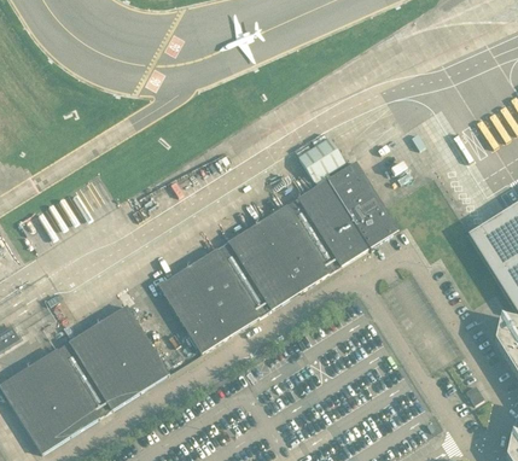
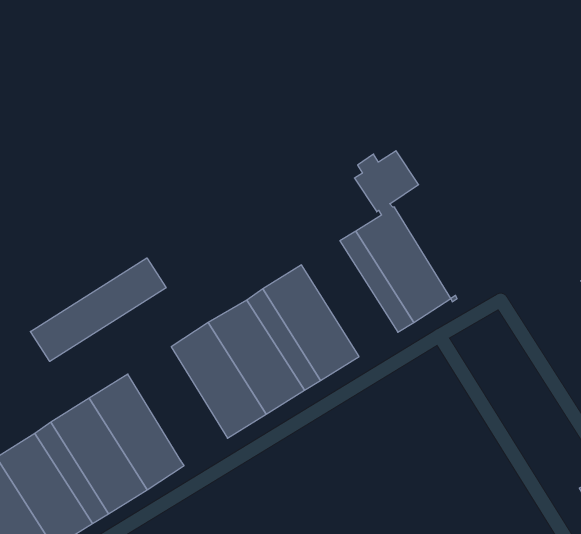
building: [327,161,398,247] -> none
building: [257,204,330,291] -> none
building: none -> [30,258,166,361]

